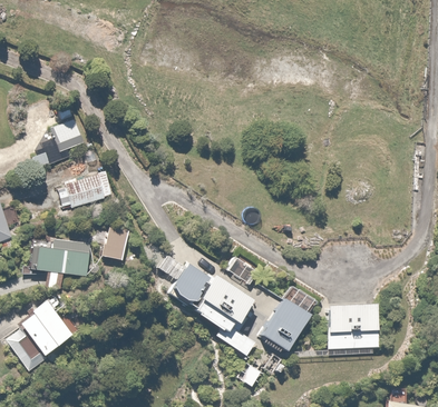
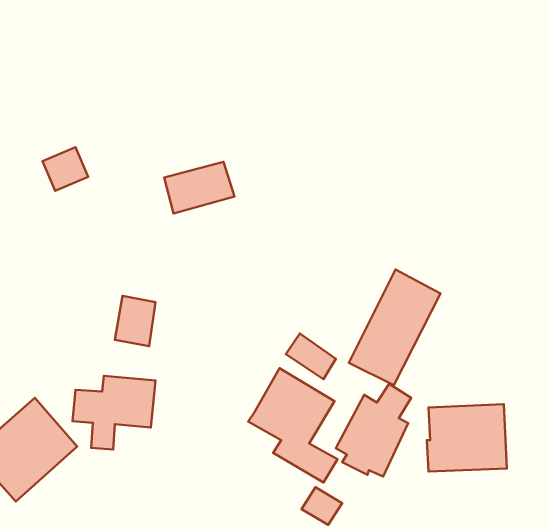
building: [60,171,110,208] -> [164,162,235,214]
building: none -> [349,270,440,385]
building: [32,239,91,291] -> [72,376,156,449]
building: [175,262,214,304] -> none

